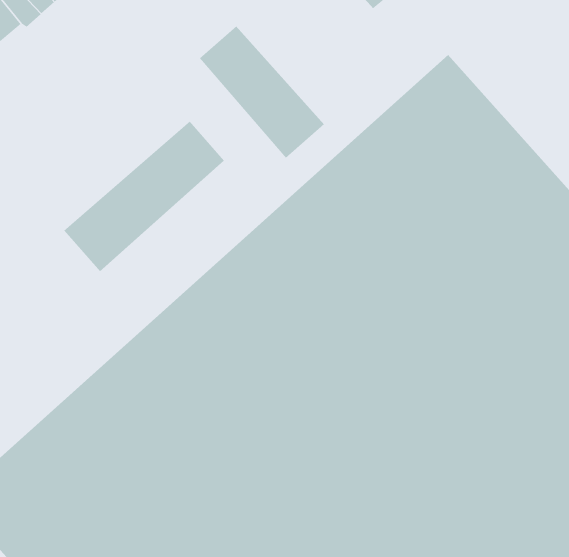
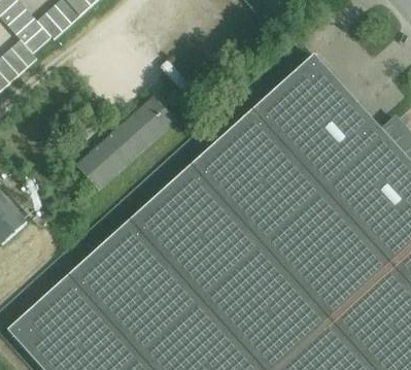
building: [199,25,325,159] -> none

